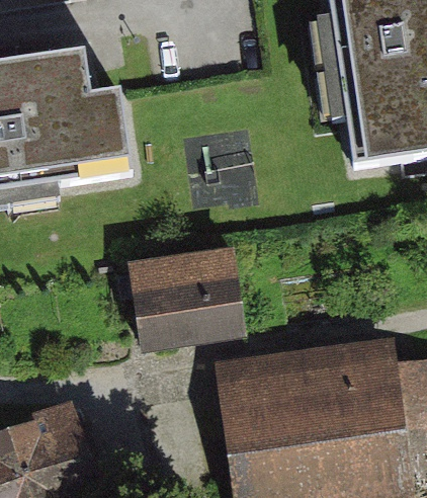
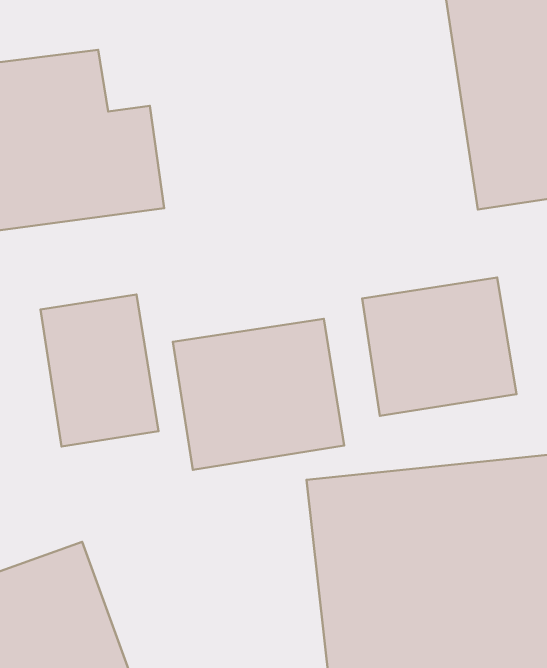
building: none -> [362,277,516,416]
building: none -> [40,295,158,447]

